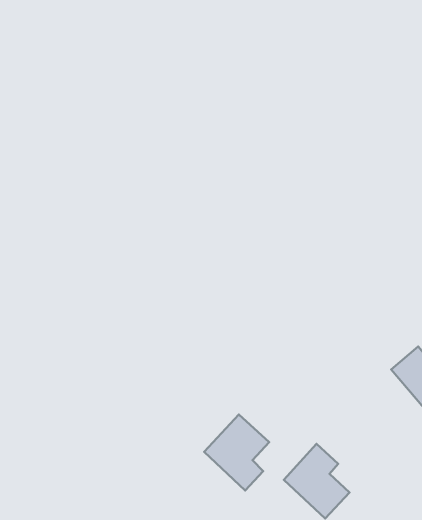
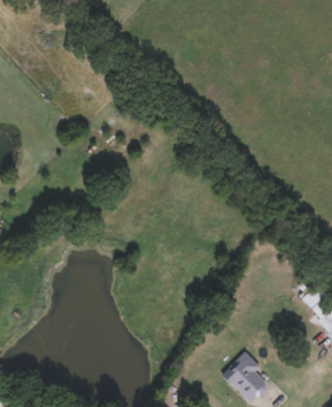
building: [204,414,269,490] -> none

